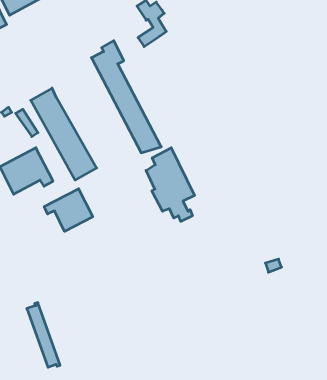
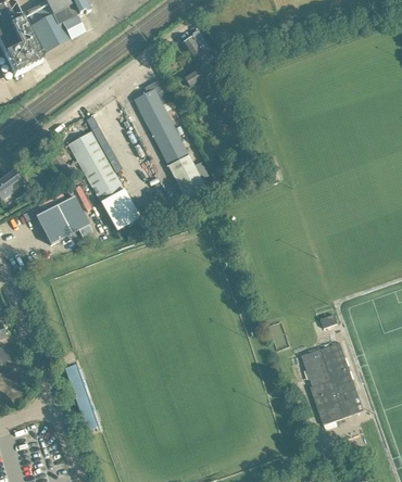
building: [146,148,195,221] -> none
building: [44,189,93,231] -> none
building: none -> [301,341,359,424]

